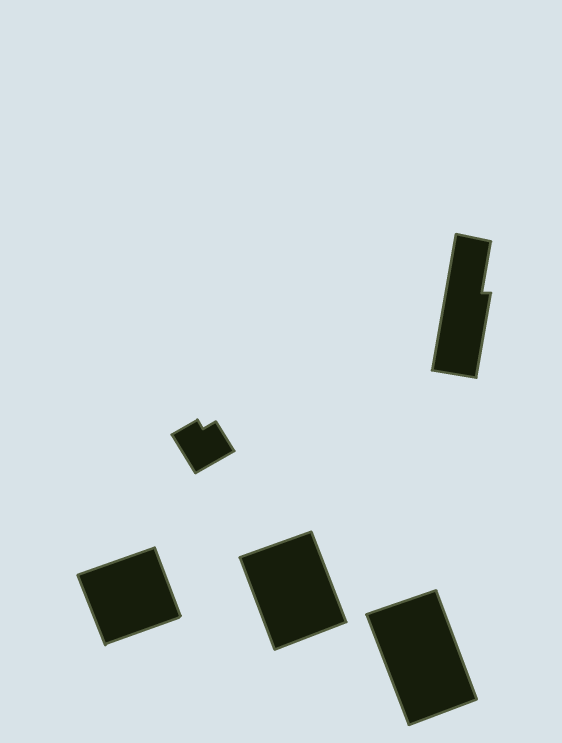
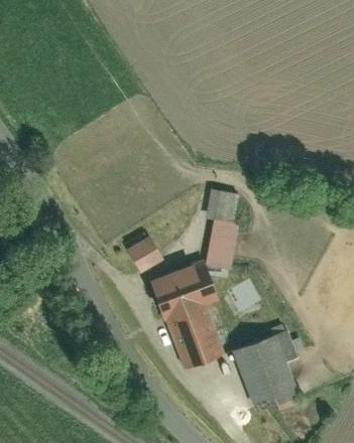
building: [432,234,491,378] -> [205,189,237,268]
building: [78,548,181,645] -> [149,265,206,318]

